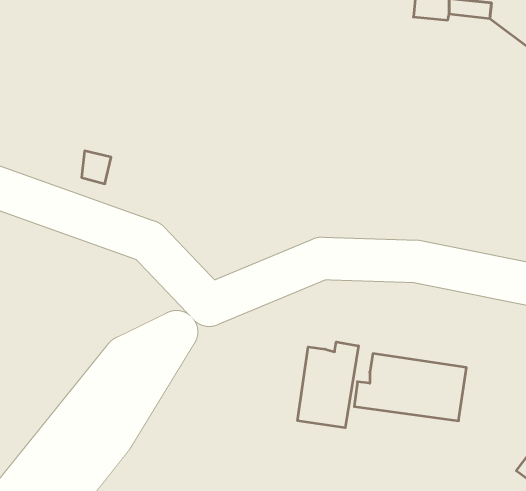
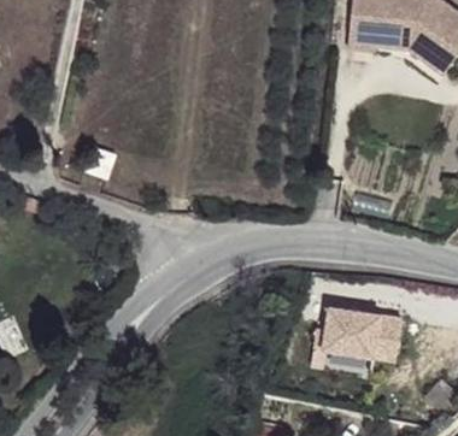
building: [298,342,358,428] -> none

